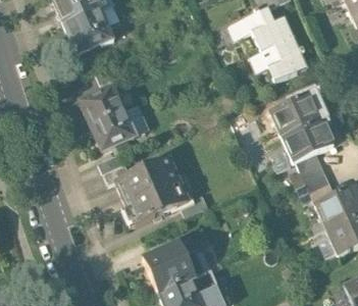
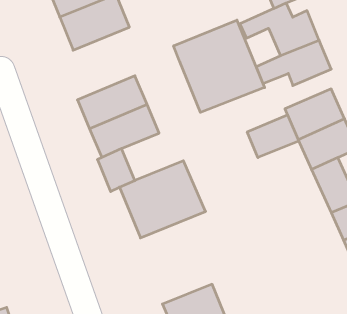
building: none -> [174,20,265,112]
building: none -> [247,115,299,158]
building: [140,235,200,288] -> none

